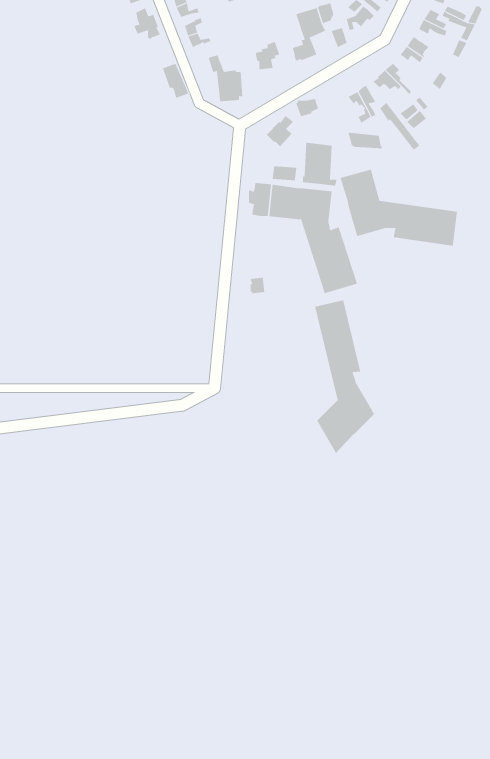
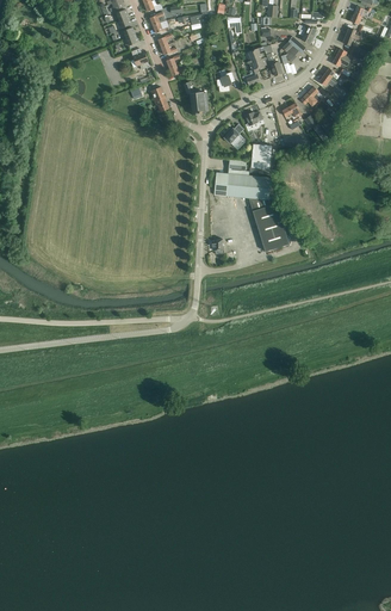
building: [340,169,458,247] -> none
building: [315,300,375,454] -> none

